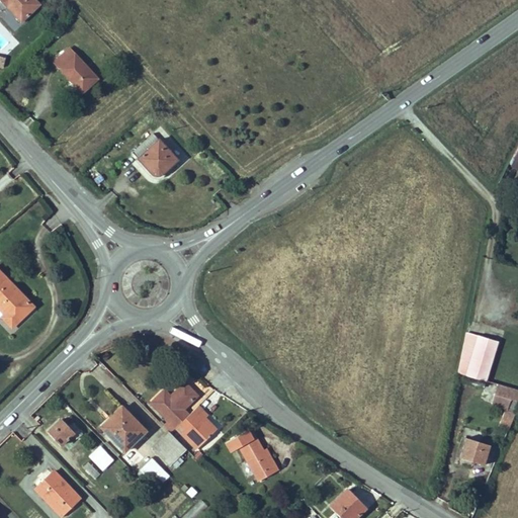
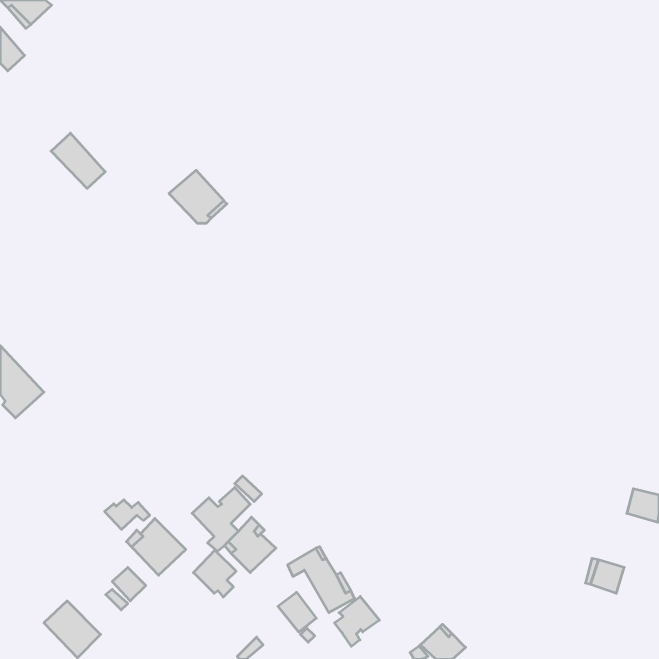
building: [55,49,97,92] -> [51,133,105,188]
building: [459,330,506,380] -> none
building: [48,422,83,445] -> [105,500,150,529]
building: [140,458,170,489] -> none
building: none -> [278,592,316,632]
building: none -> [335,596,379,646]

